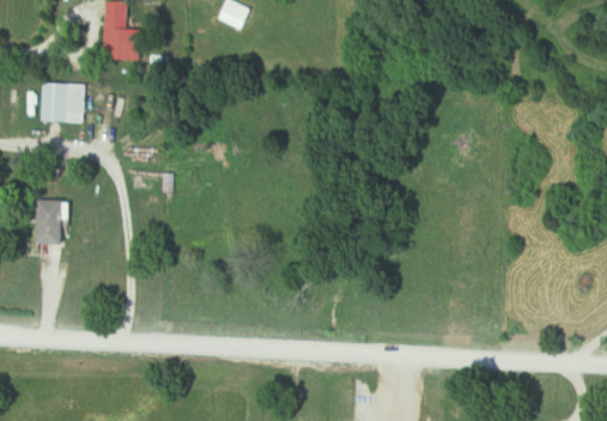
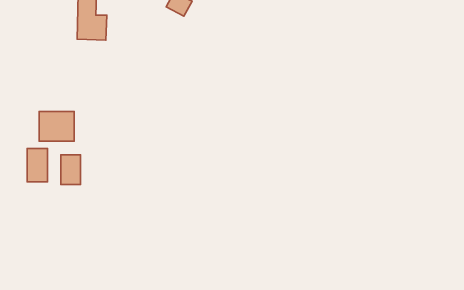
building: [38,83,84,121] -> [39,112,74,141]
building: none -> [61,155,81,184]

